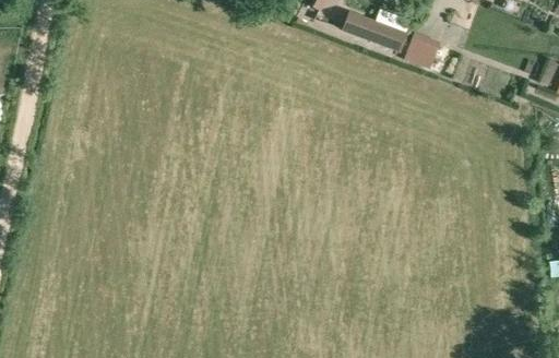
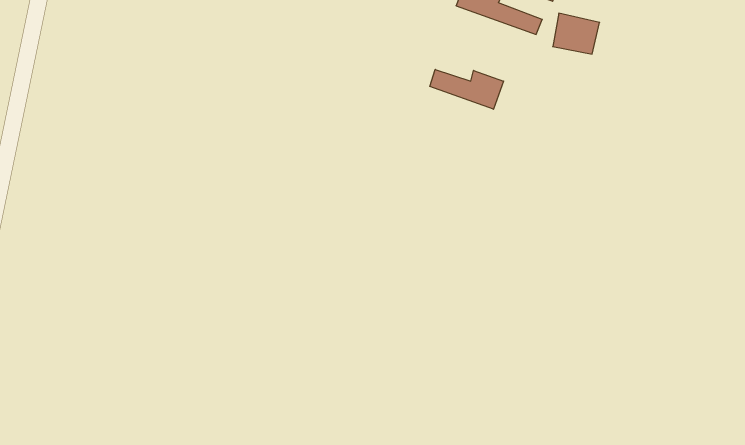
building: none -> [430,69,504,109]

